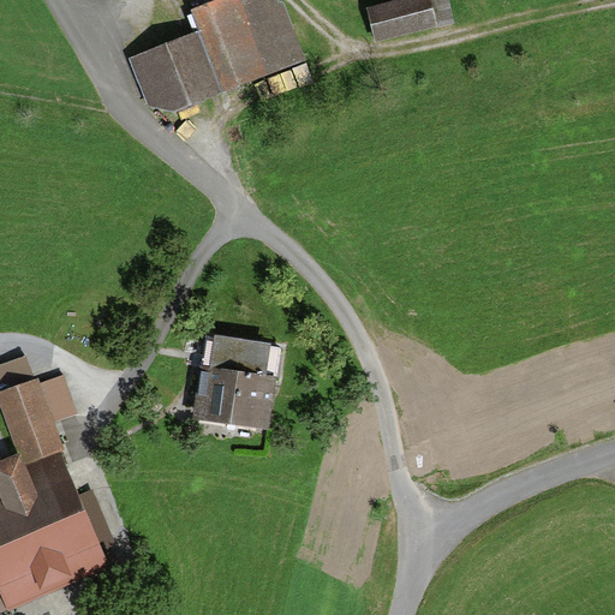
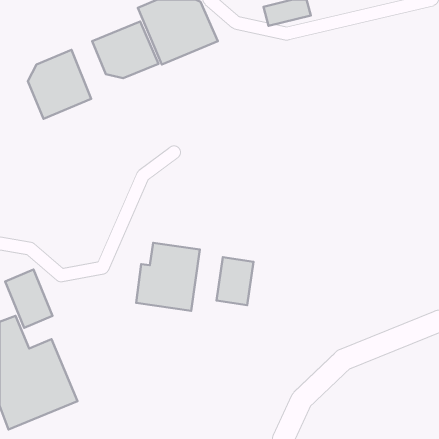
building: none -> [28,50,91,119]
building: none -> [217,257,253,305]

